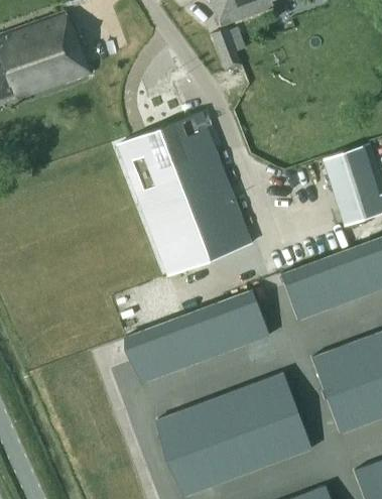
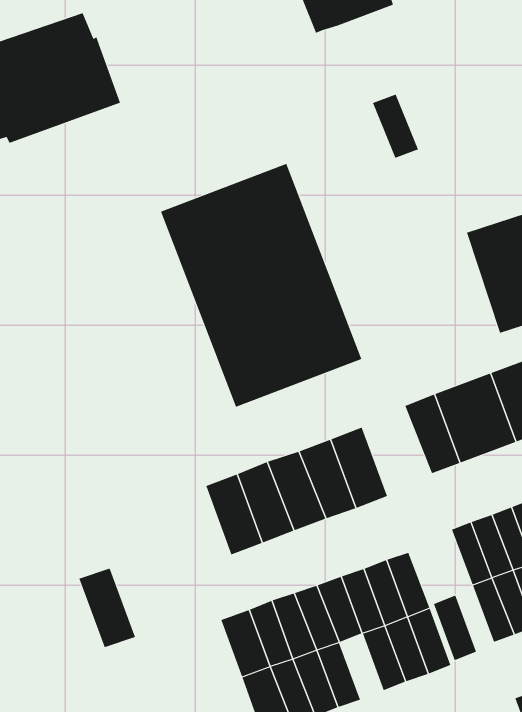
building: [210,28,241,72] -> [372,94,419,159]
building: [125,329,163,382] -> [79,568,136,648]
building: [236,427,265,472] -> [433,595,477,661]

